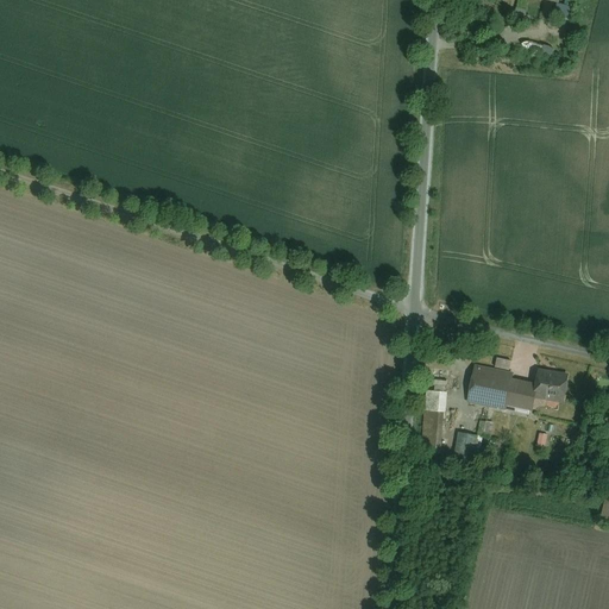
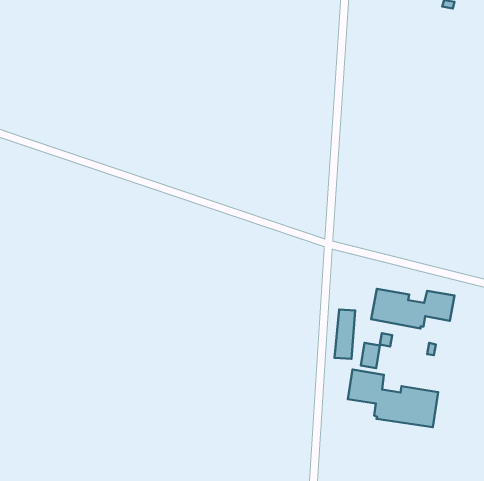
building: none -> [348,370,438,427]

